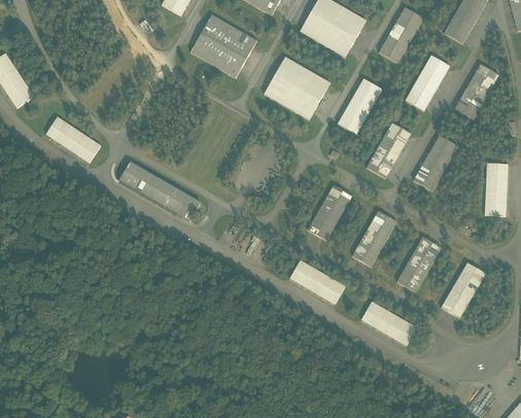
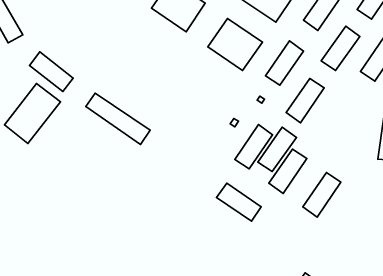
building: [413,135,458,190] -> [258,127,297,172]
building: none -> [5,84,61,144]
building: [441,263,486,318] -> none
building: [361,301,417,345] -> none

